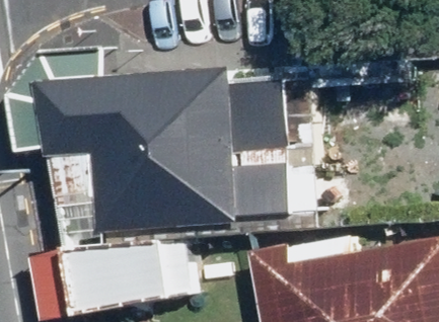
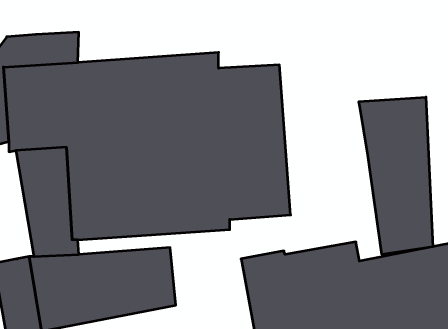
building: none -> [359,97,433,254]

